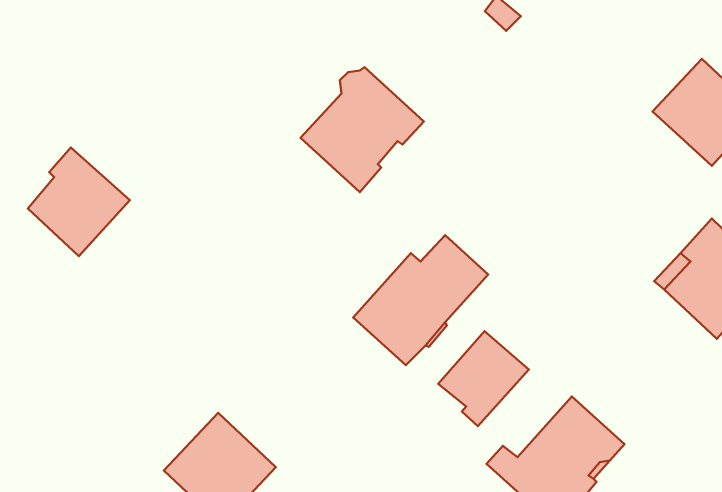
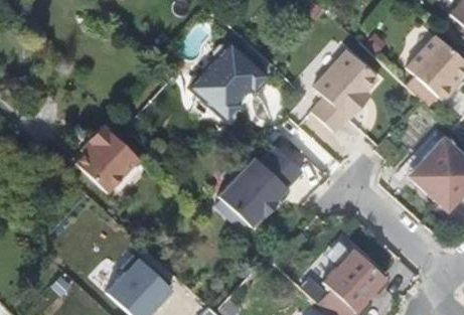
building: none -> [310,51,376,132]
building: [28,148,130,256] -> [76,124,139,190]
building: [438,331,529,426] -> none

